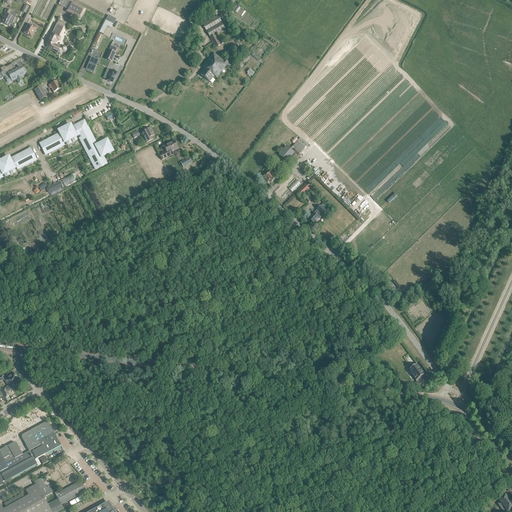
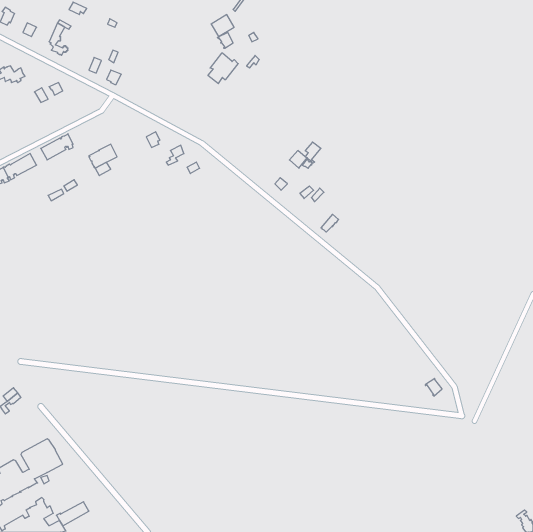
building: [65,119,94,145] -> none

